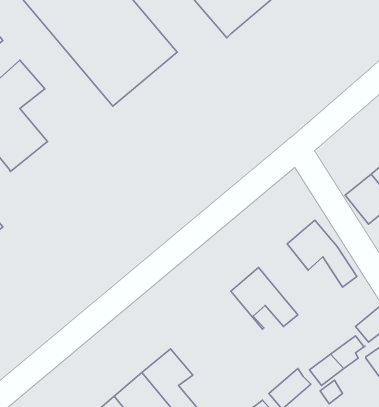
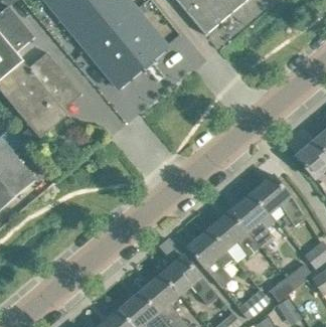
building: none -> [229,192,273,247]
building: none -> [187,228,232,287]
building: none -> [162,255,217,304]

